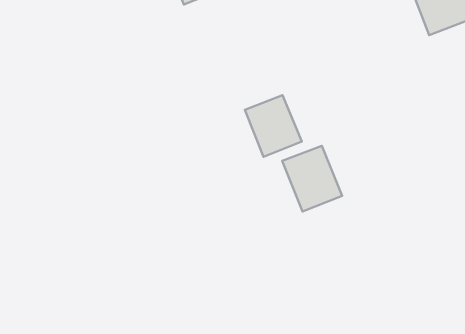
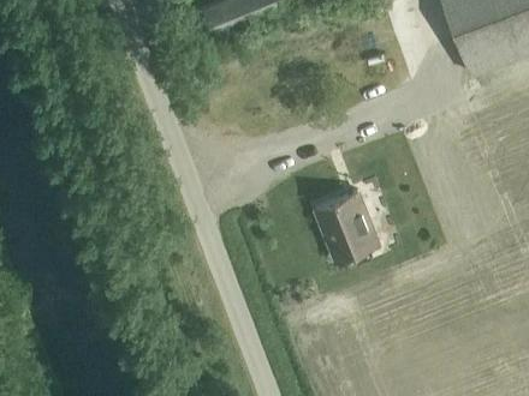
building: [245,95,302,157] -> none

